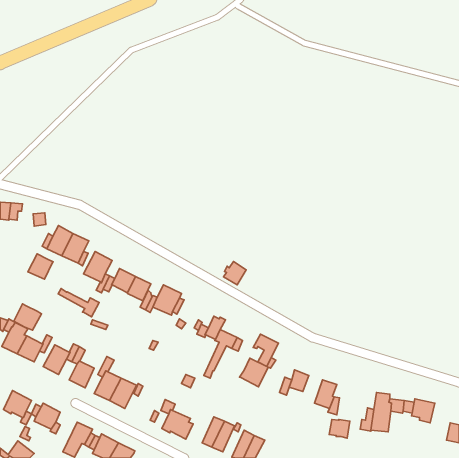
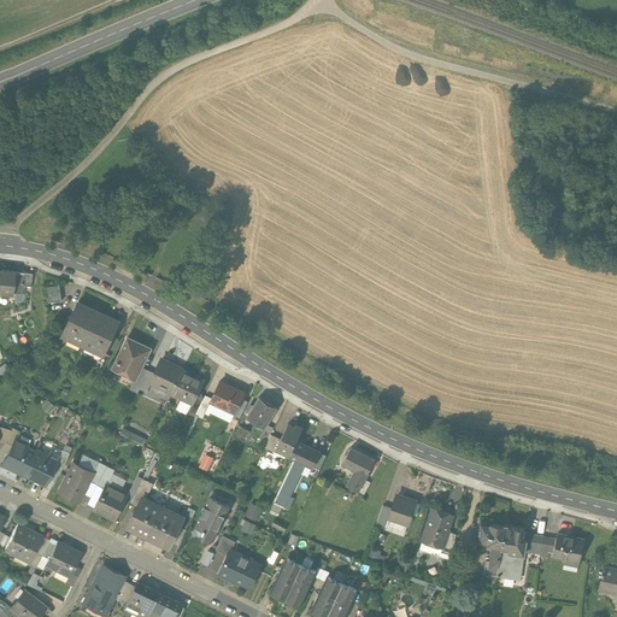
building: [28,254,53,279] -> none
building: [224,262,246,285] -> [246,398,276,429]
building: [58,289,99,317] -> none
building: [14,304,42,330] -> none
building: [239,358,268,387] -> none
building: none -> [195,499,228,542]
building: [329,419,350,438] -> [477,524,505,550]

